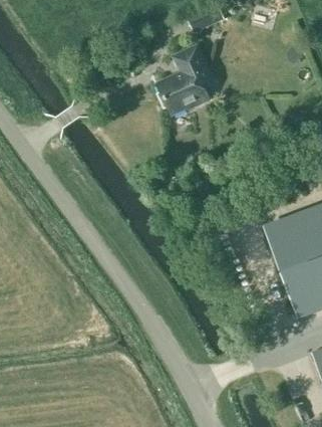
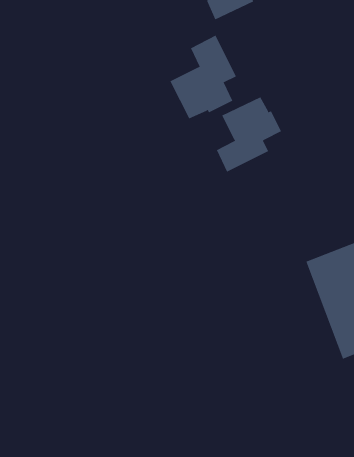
building: none -> [216,96,282,172]

